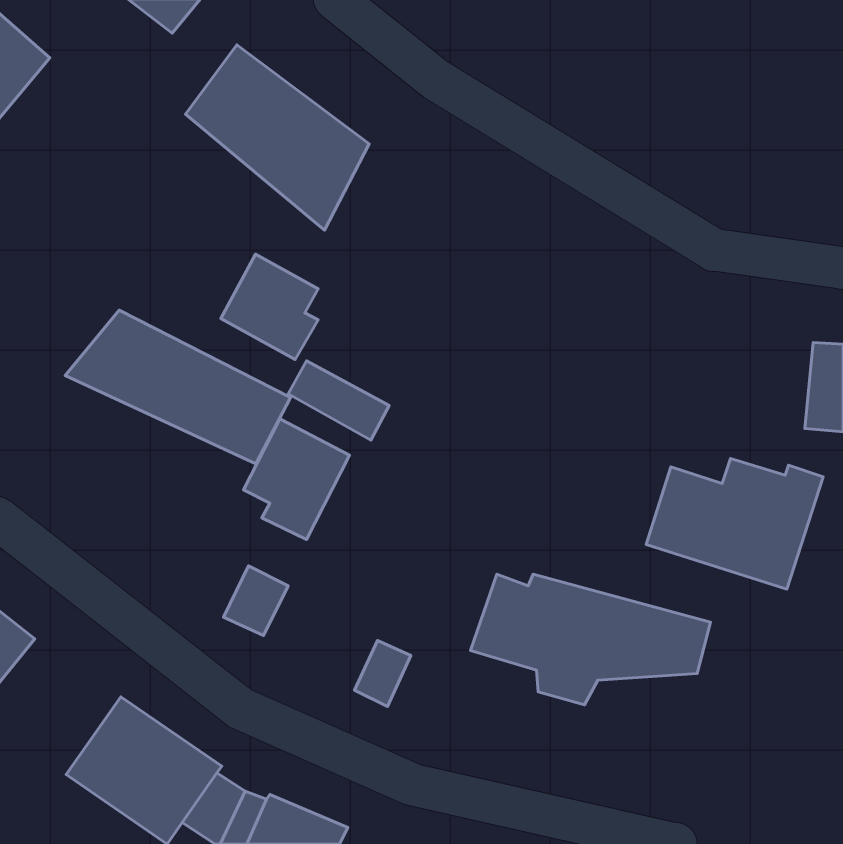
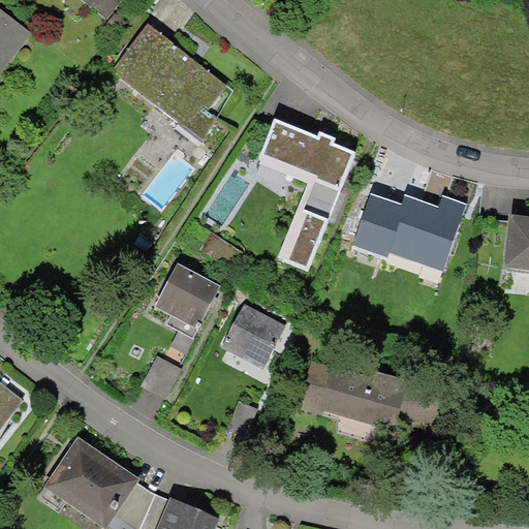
building: none -> [264,124,357,274]
building: [221,254,318,360] -> none
building: [65,310,291,464] -> none
building: [646,459,823,589] -> [354,191,465,273]
building: none -> [220,302,284,368]

